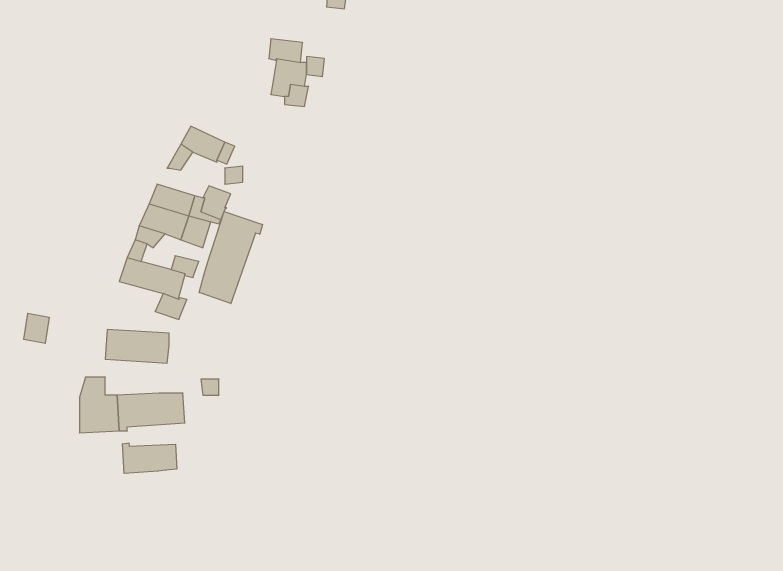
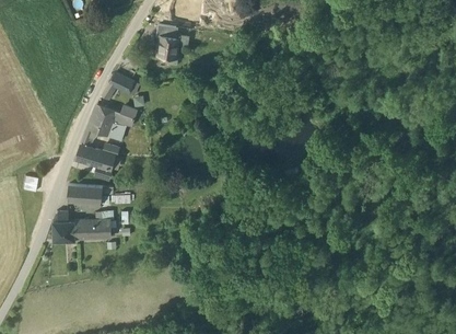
building: [199,212,263,304] -> none
building: [123,443,177,473] -> none

